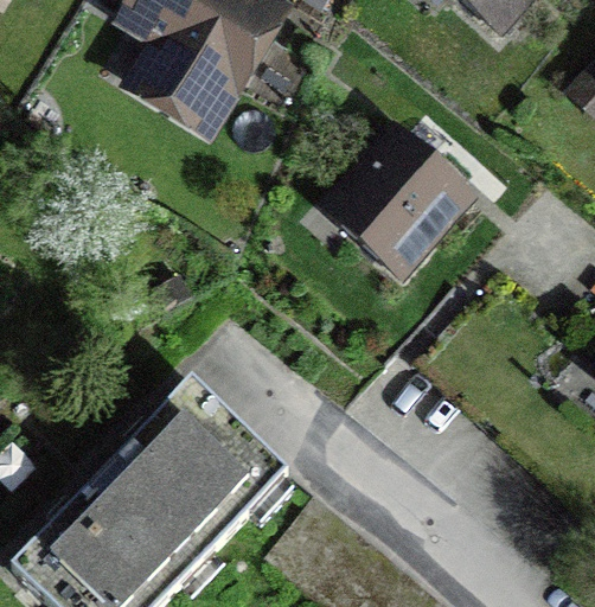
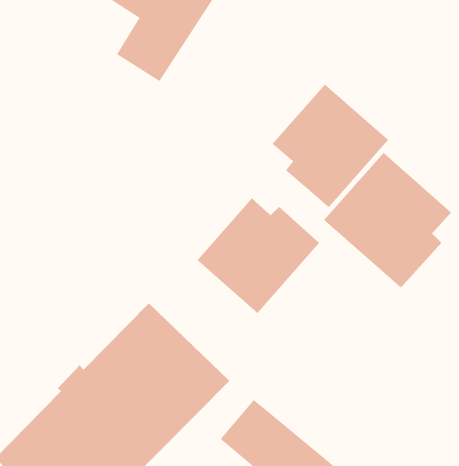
building: none -> [323,152,452,289]
building: none -> [197,197,320,314]

